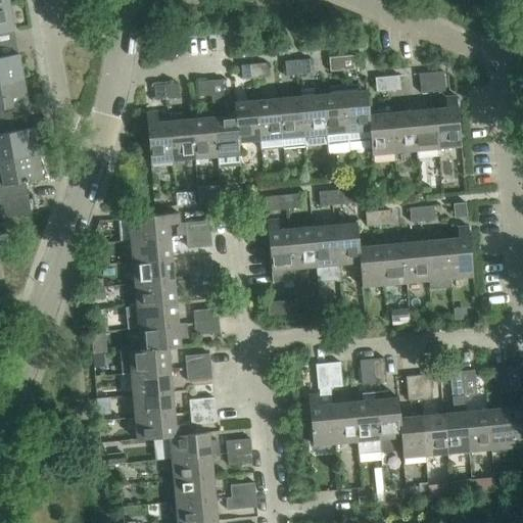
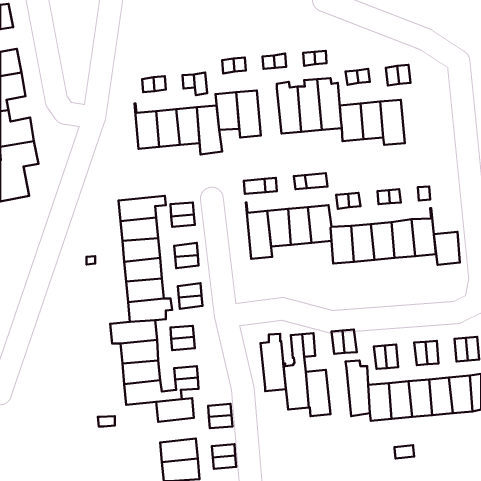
building: [279,96,305,147] -> none
building: [435,96,461,147] -> none
building: none -> [434,232,460,265]
building: [353,391,381,454] -> [260,334,286,391]
building: [172,454,212,480] -> none

